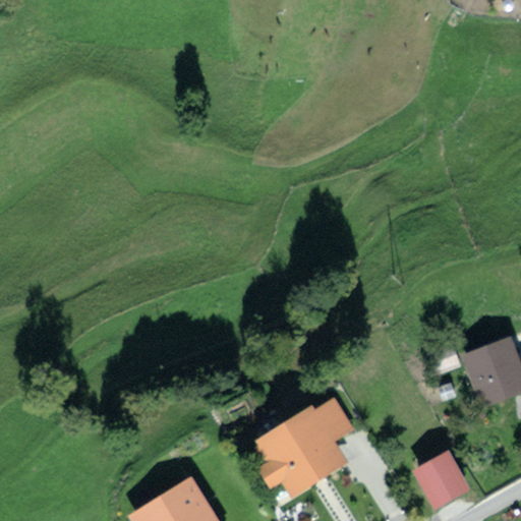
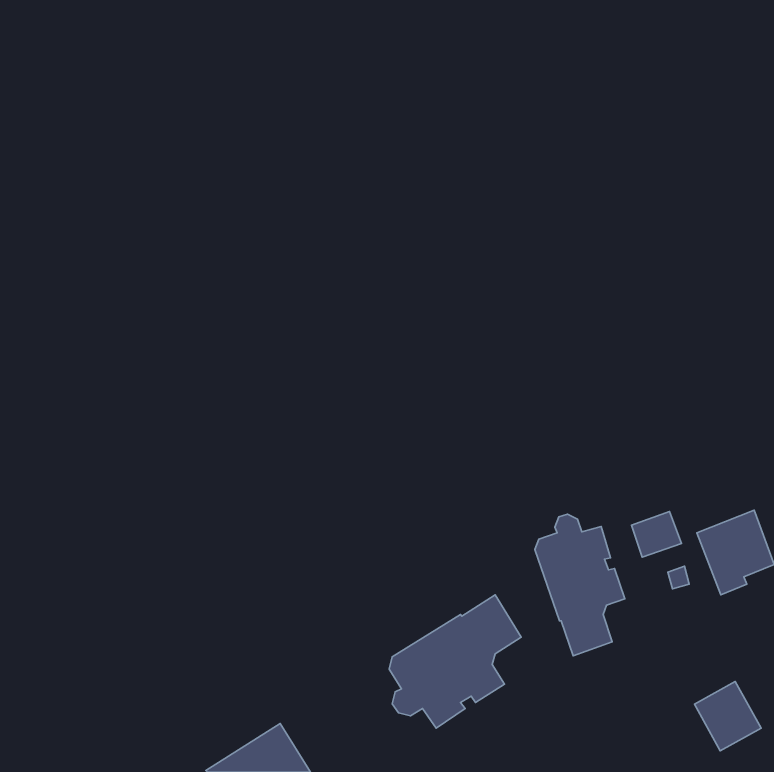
building: none -> [535,514,625,656]
building: [418,456,463,503] -> [694,681,761,751]

